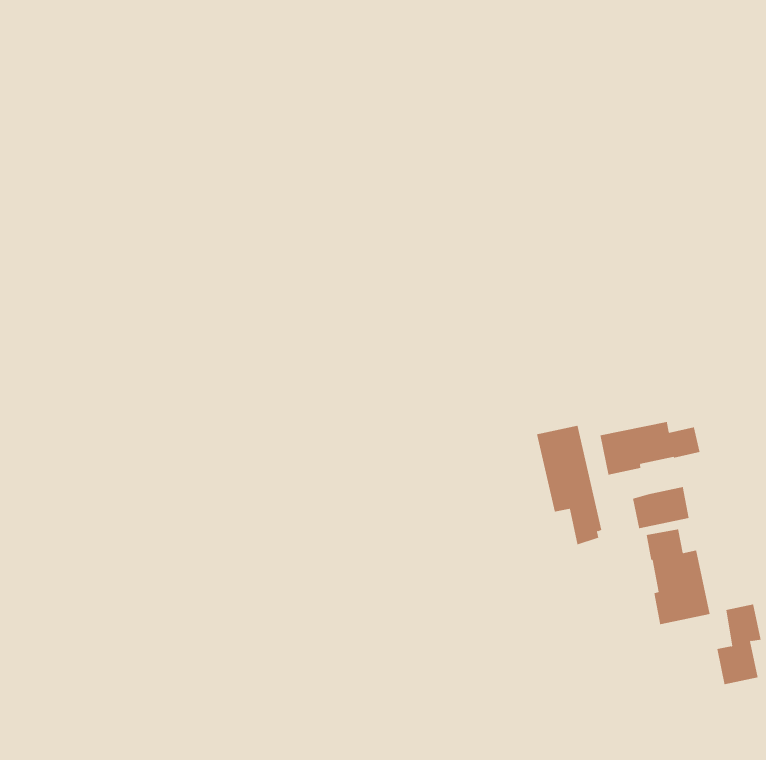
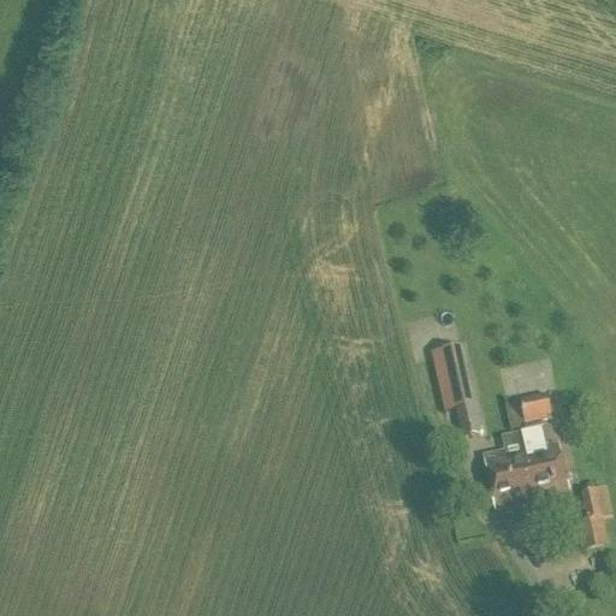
building: [600,421,700,476] -> none
building: none -> [484,449,528,508]

